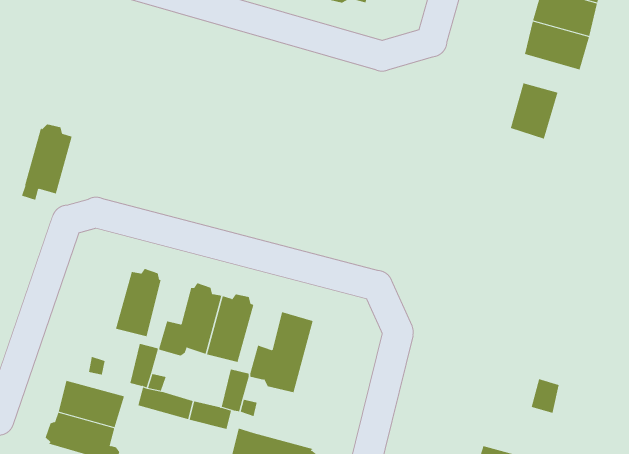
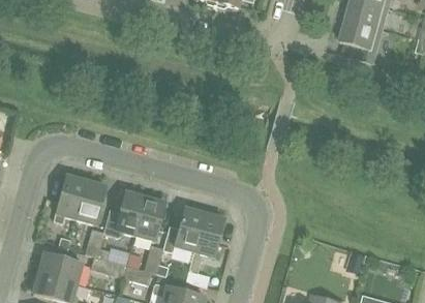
building: [510,82,558,140] -> none
building: [21,124,72,201] -> [53,173,86,222]
building: none -> [188,213,224,272]

